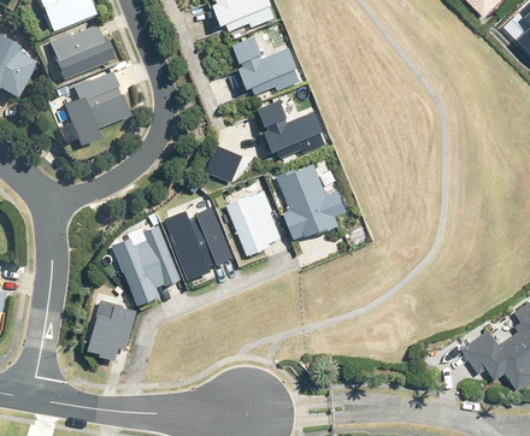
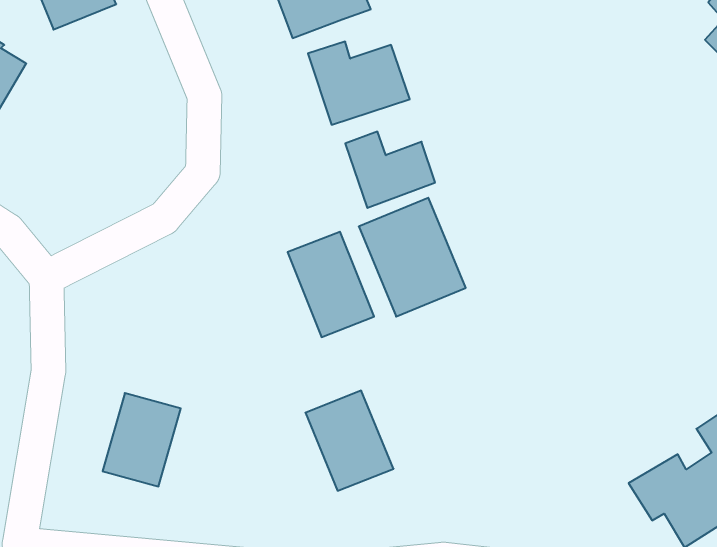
building: [49,26,116,81] -> none
building: [65,72,132,147] -> none
building: [207,148,241,183] -> none
building: [170,199,232,270] -> [305,391,394,491]
building: [117,228,175,295] -> none

